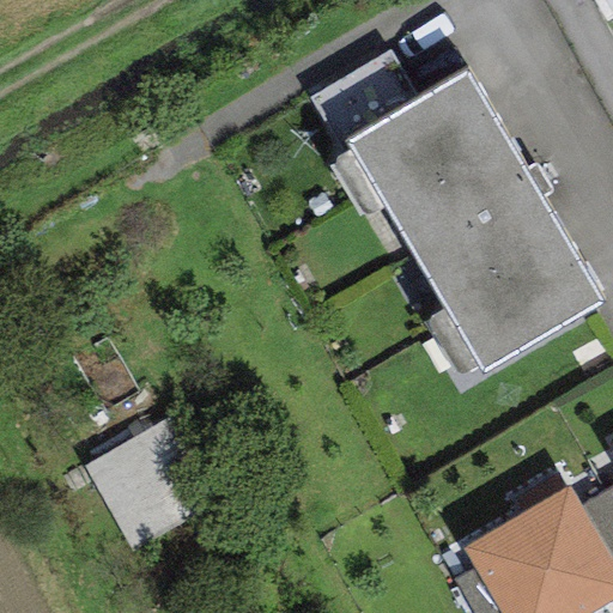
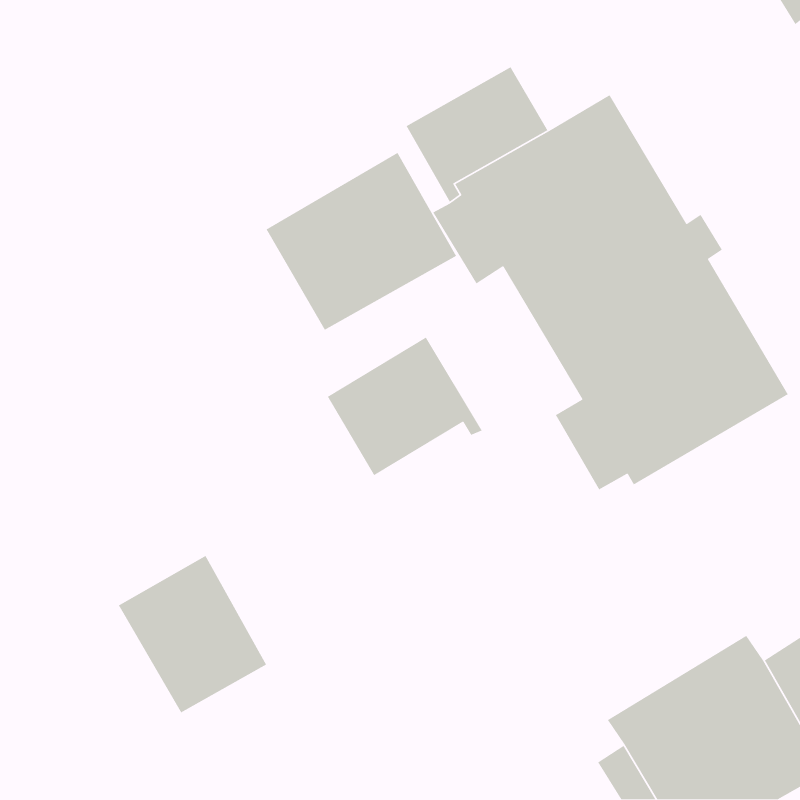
building: none -> [266,152,457,331]
building: none -> [327,336,483,476]

